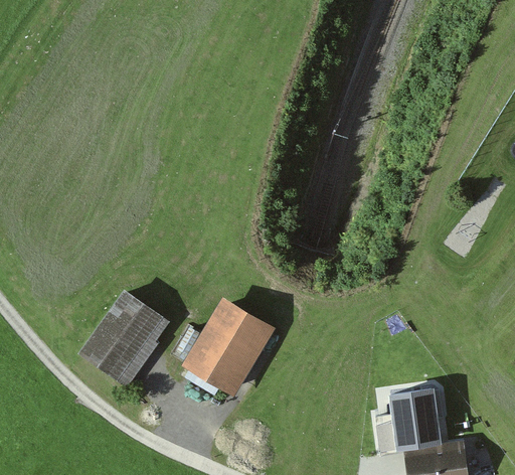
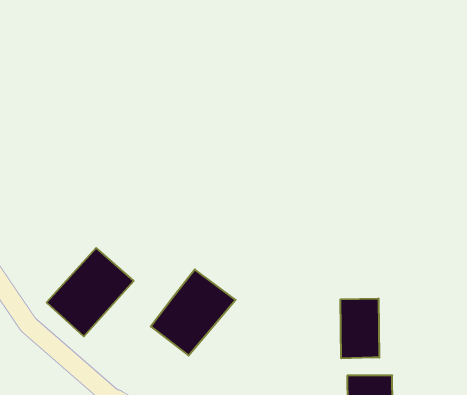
building: none -> [341,298,379,358]

